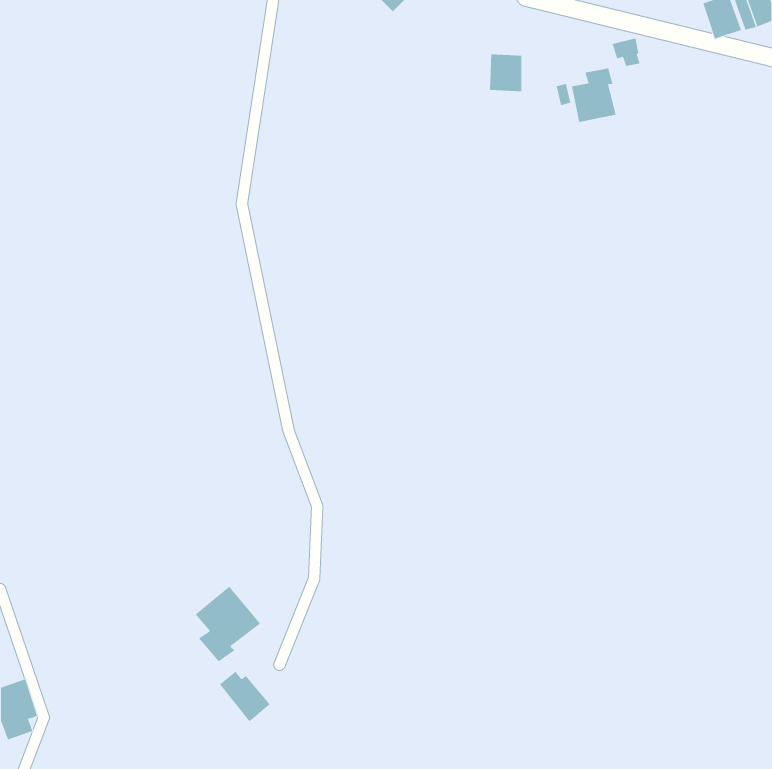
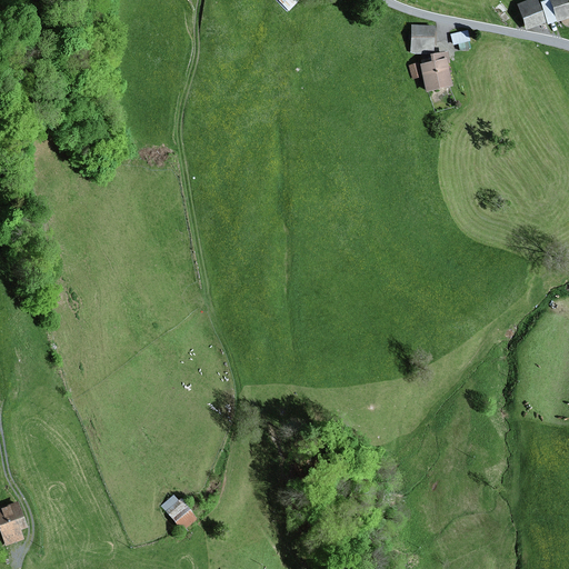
building: [489,54,522,92] -> [410,23,435,51]
building: [195,586,261,662] -> none

